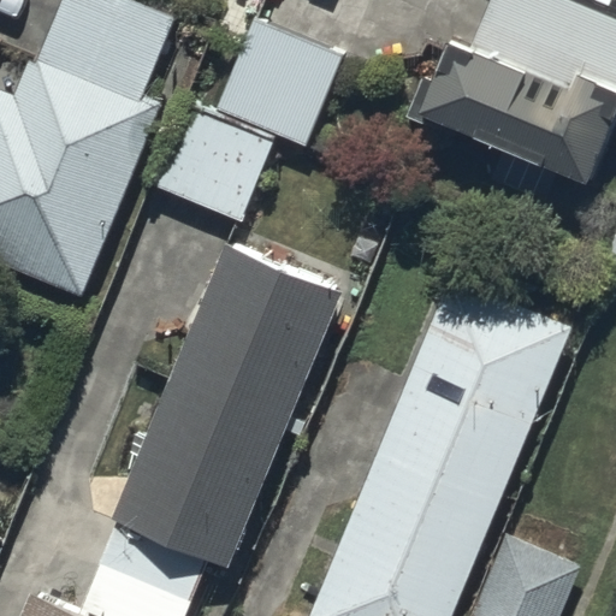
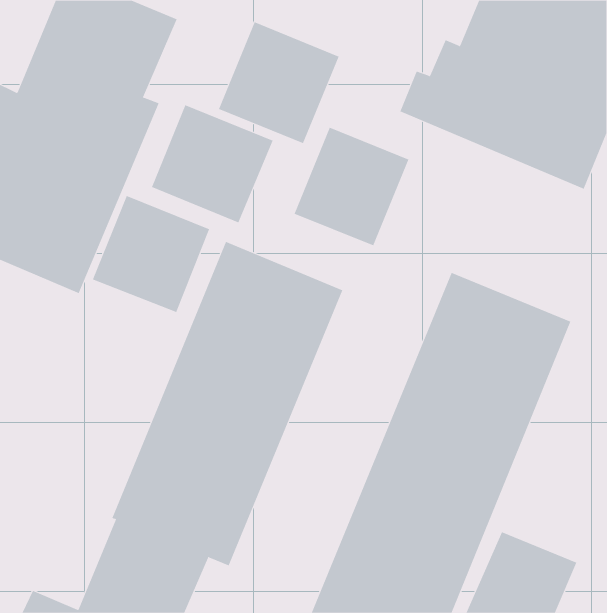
building: none -> [294,127,409,246]
building: none -> [92,195,210,313]

